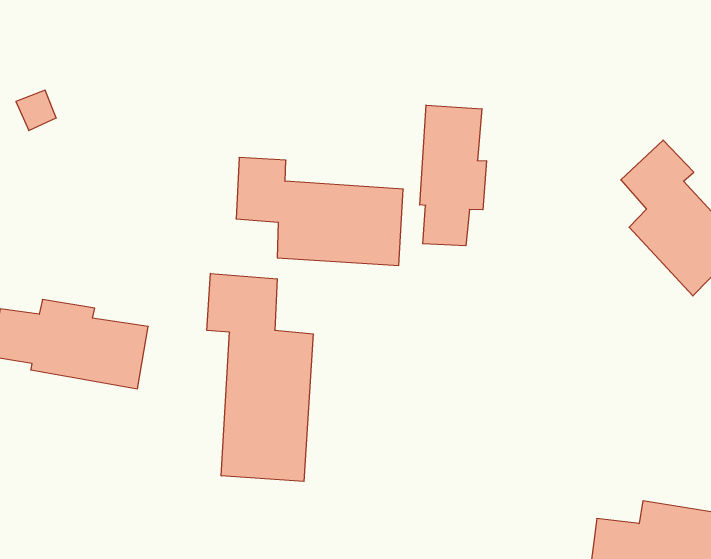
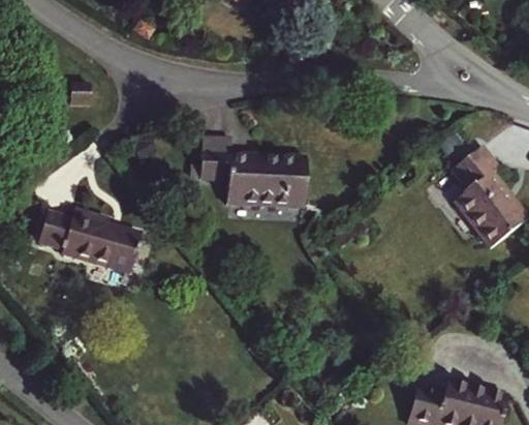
building: [420,105,486,246] -> none
building: [207,273,313,481] -> none

